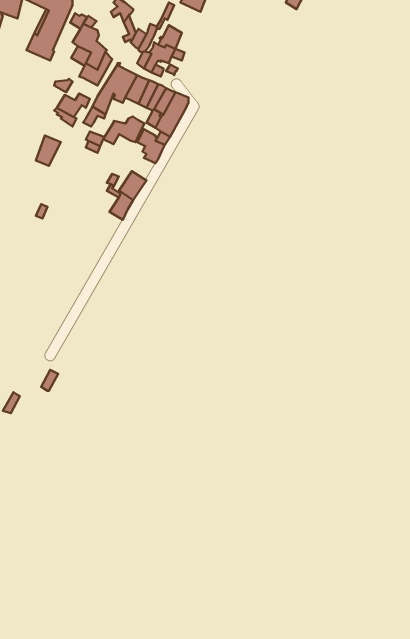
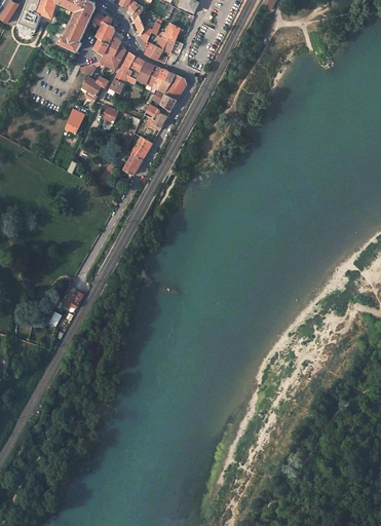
building: [103,116,144,144] -> none

